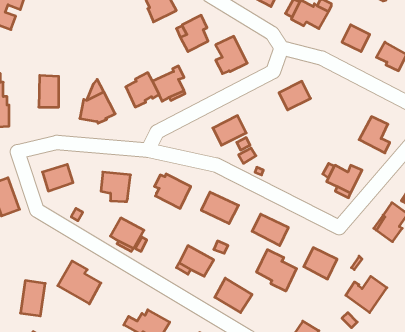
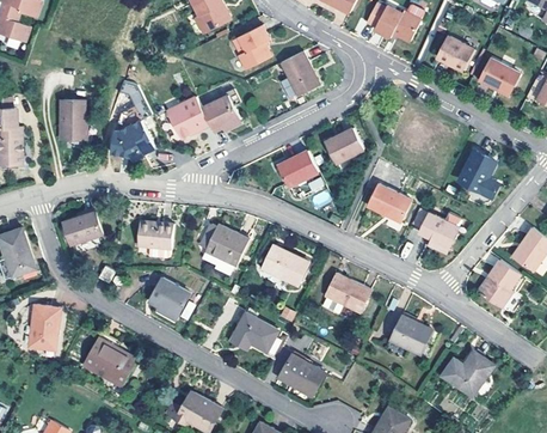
building: [279,81,311,110] -> [324,128,363,164]
building: none -> [365,184,411,222]
building: [257,250,297,291] -> none
building: [20,281,45,316] -> [29,305,60,349]

